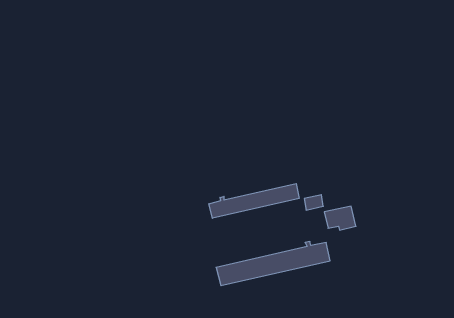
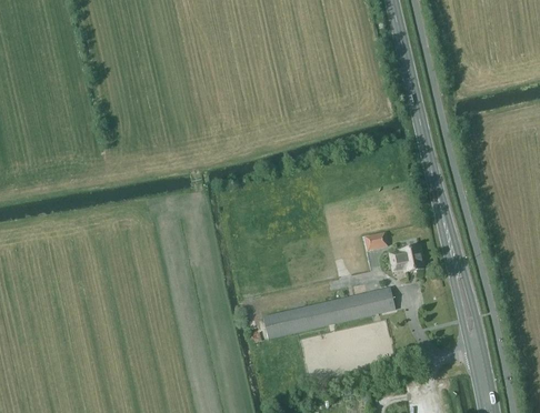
building: [209,184,299,218] -> none

